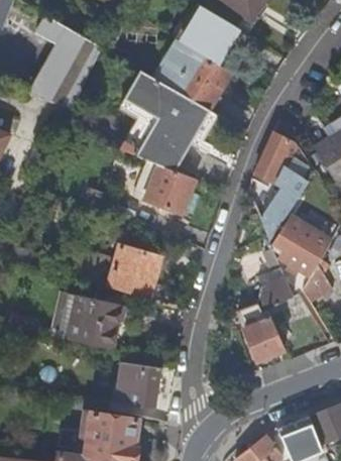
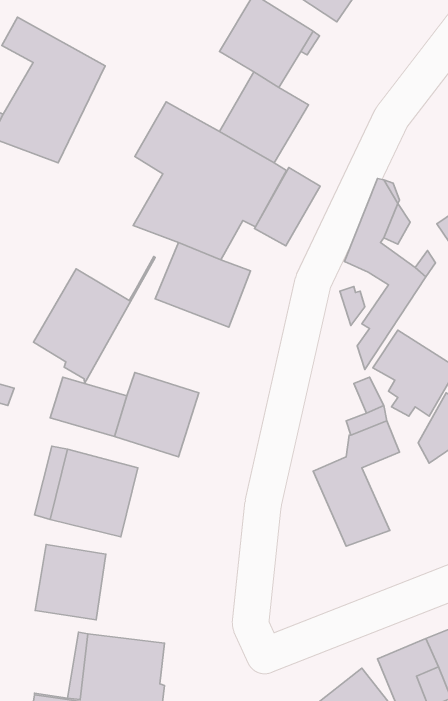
building: [154,39,197,90] -> [254,167,320,246]
building: none -> [33,257,155,384]
building: [115,361,160,410] -> [35,545,106,620]

